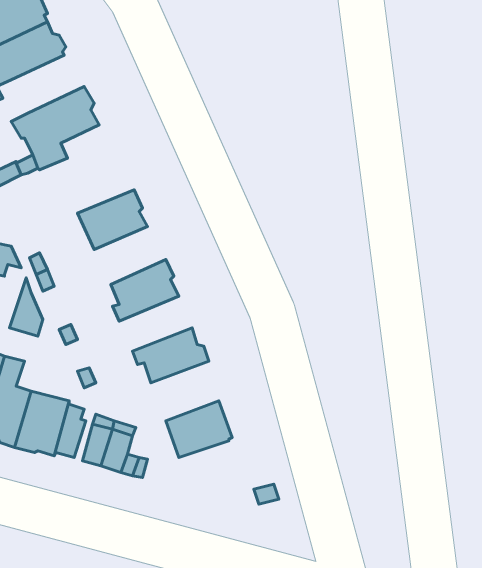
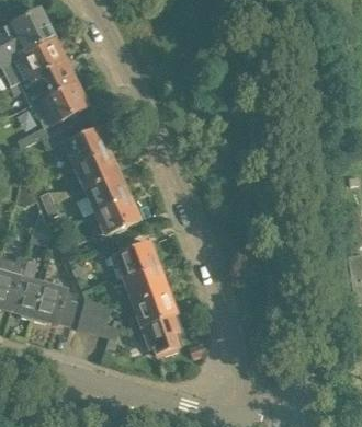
building: none -> [29,60,77,99]
building: none -> [58,126,110,164]
building: none -> [83,173,131,211]
building: none -> [121,262,166,301]
building: none -> [135,314,179,354]

